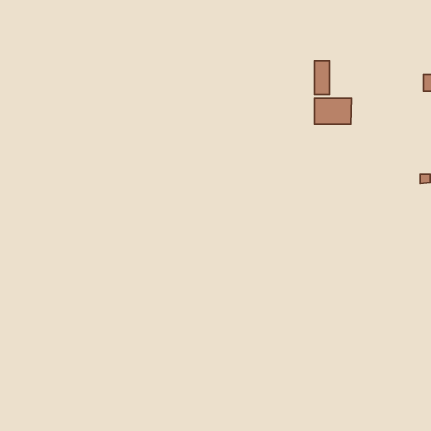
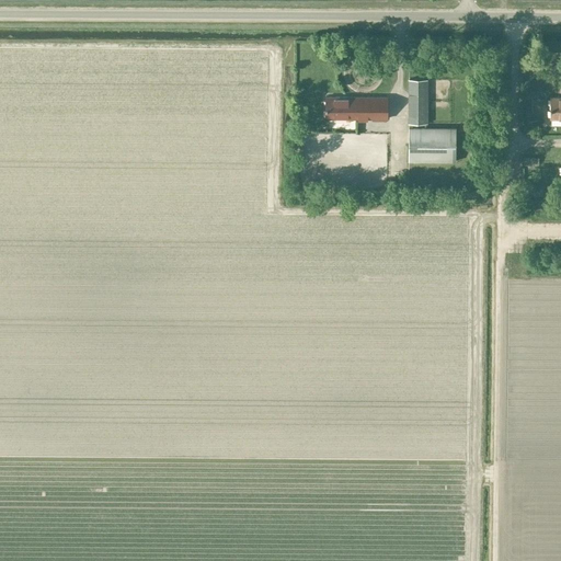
building: none -> [327,98,388,121]

